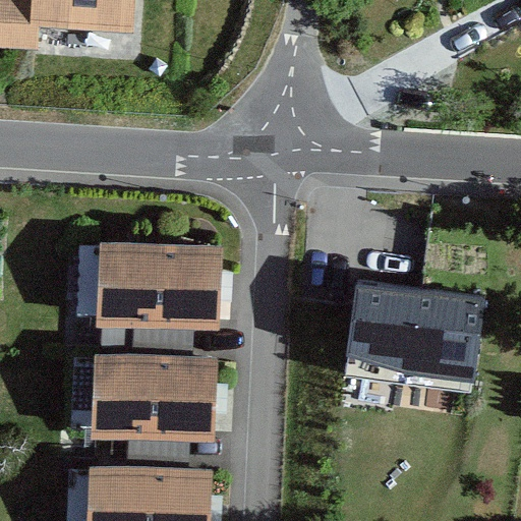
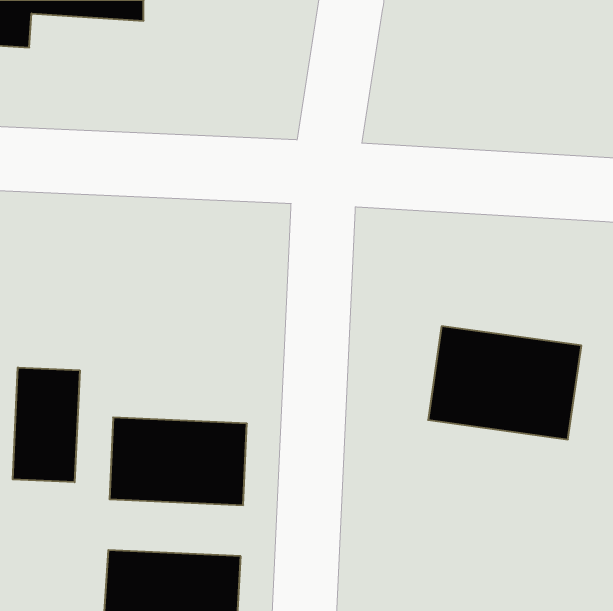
building: [97,247,212,321] -> none
building: none -> [13,367,80,482]

